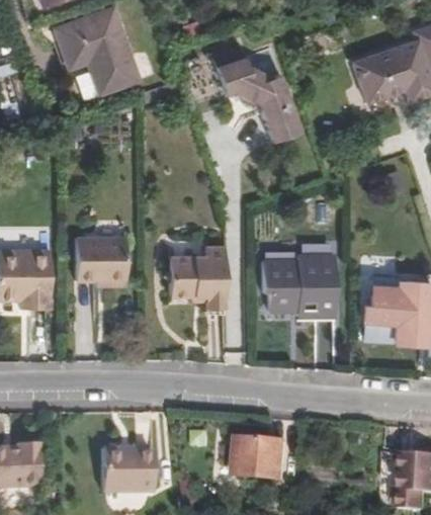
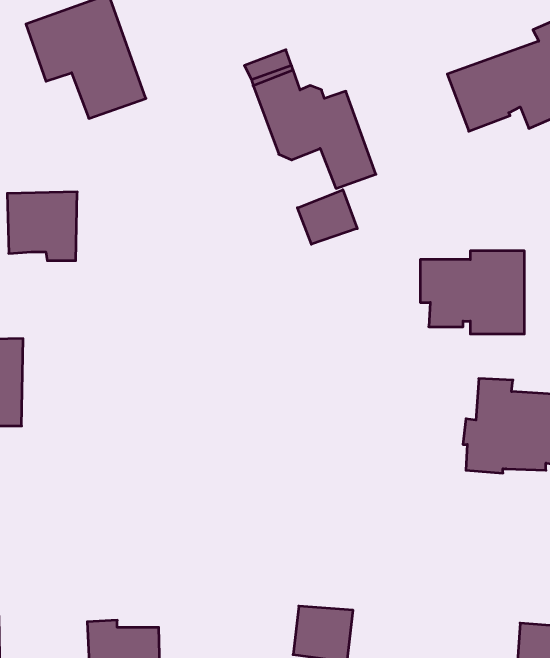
building: none -> [297,190,357,244]
building: [79,237,128,285] -> [7,192,77,261]
building: [166,245,227,311] -> none
building: [263,257,337,316] -> [420,251,524,334]

